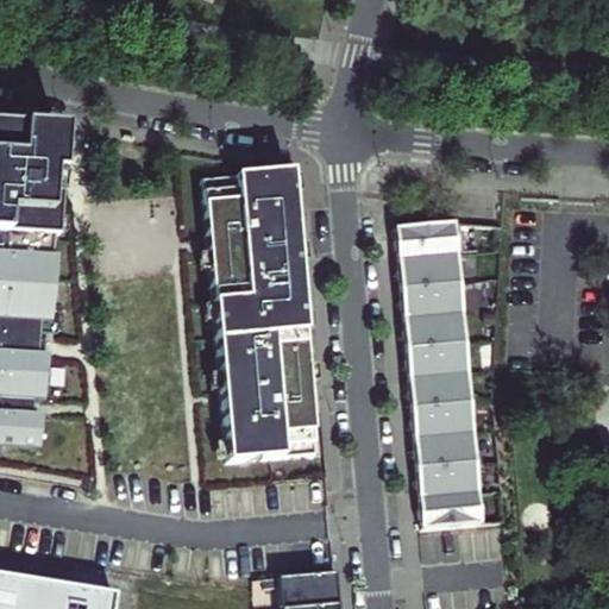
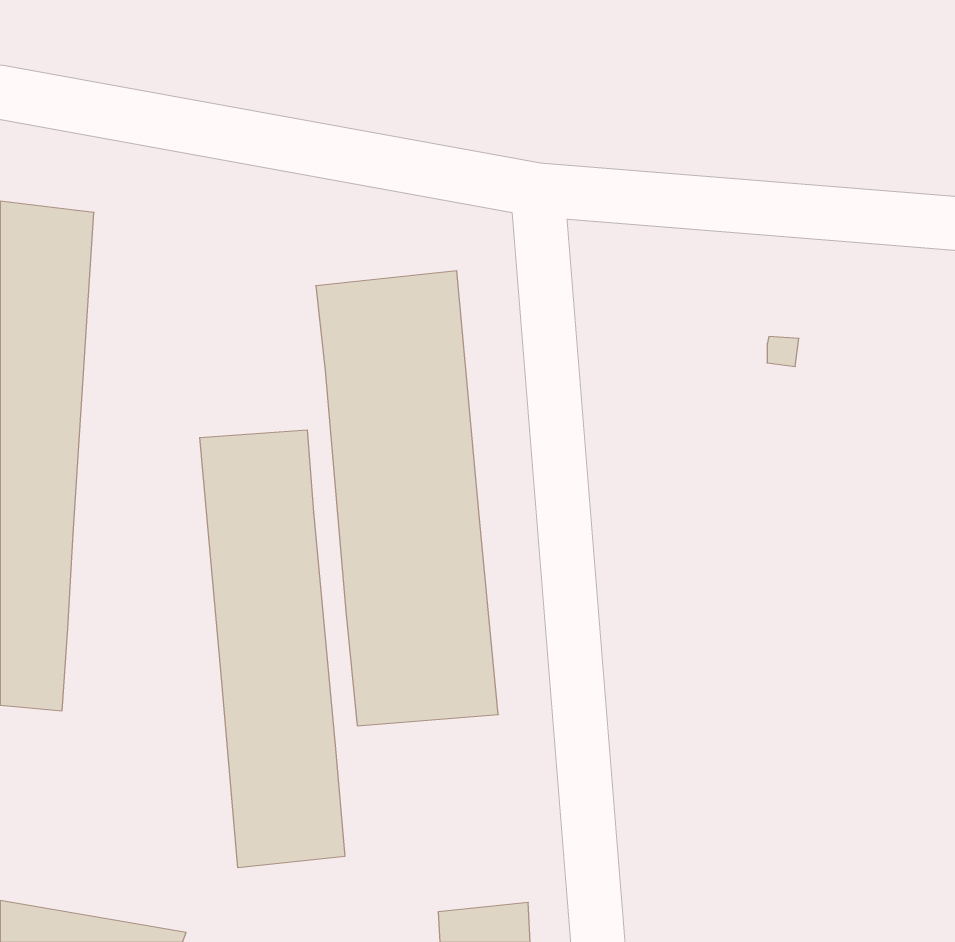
building: [397,214,484,528] -> none
building: none -> [200,430,345,868]

